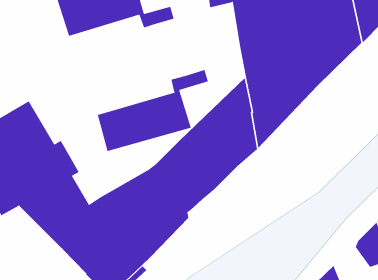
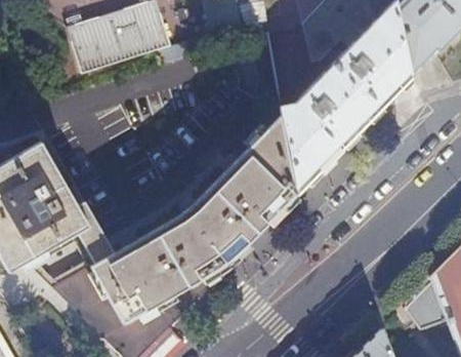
building: [97,69,209,152] -> none

